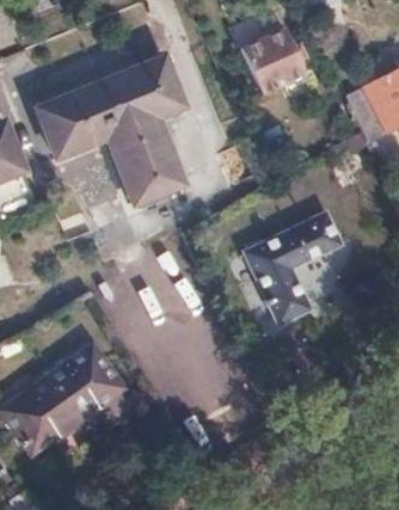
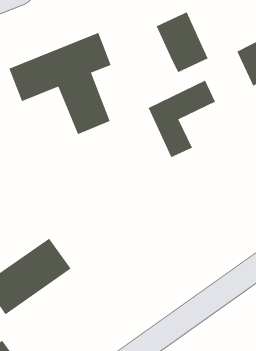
building: [247,214,343,324] -> [148,80,216,158]

